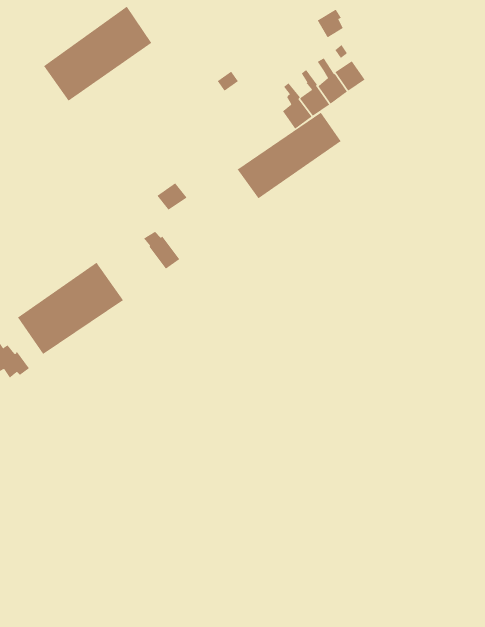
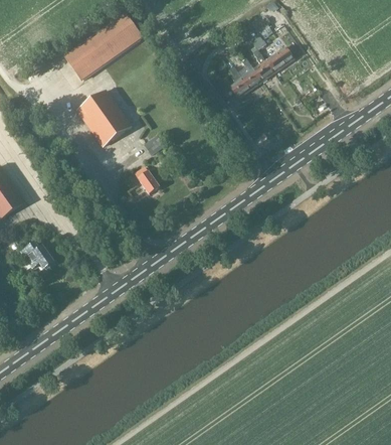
building: [237,112,341,199] -> none
building: none -> [77,90,132,146]
building: [17,262,124,355] -> none

